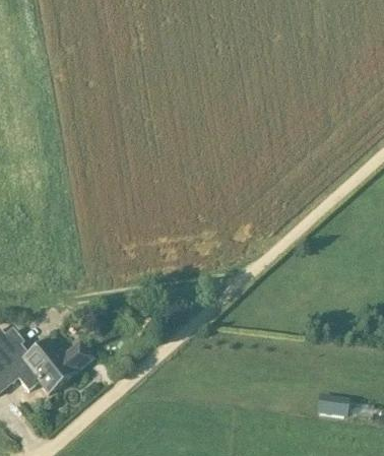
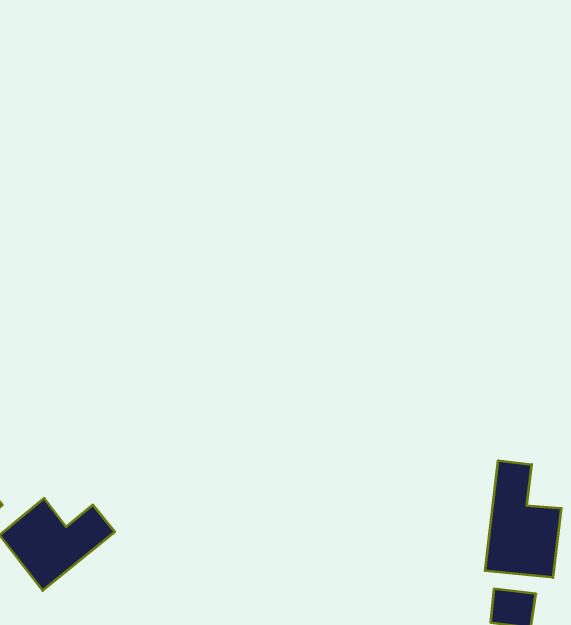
building: none -> [485,461,561,578]

